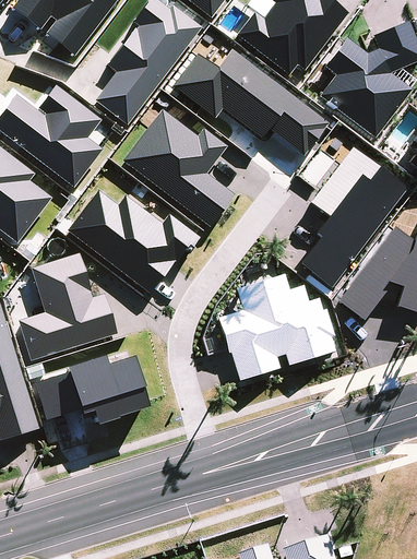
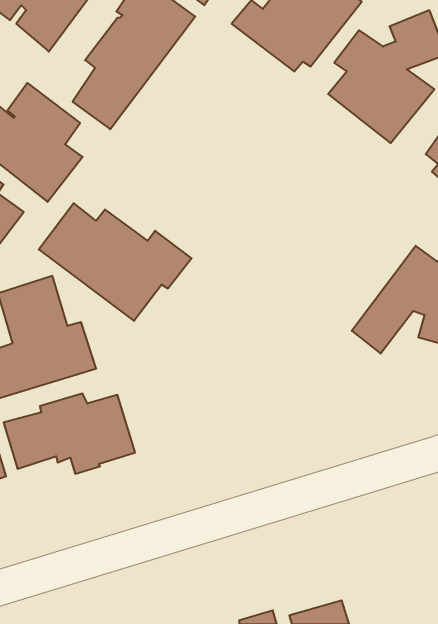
building: [171,48,327,156] -> none
building: [120,108,235,227] -> none
building: [300,145,405,284] -> none
building: [215,272,334,380] -> none

